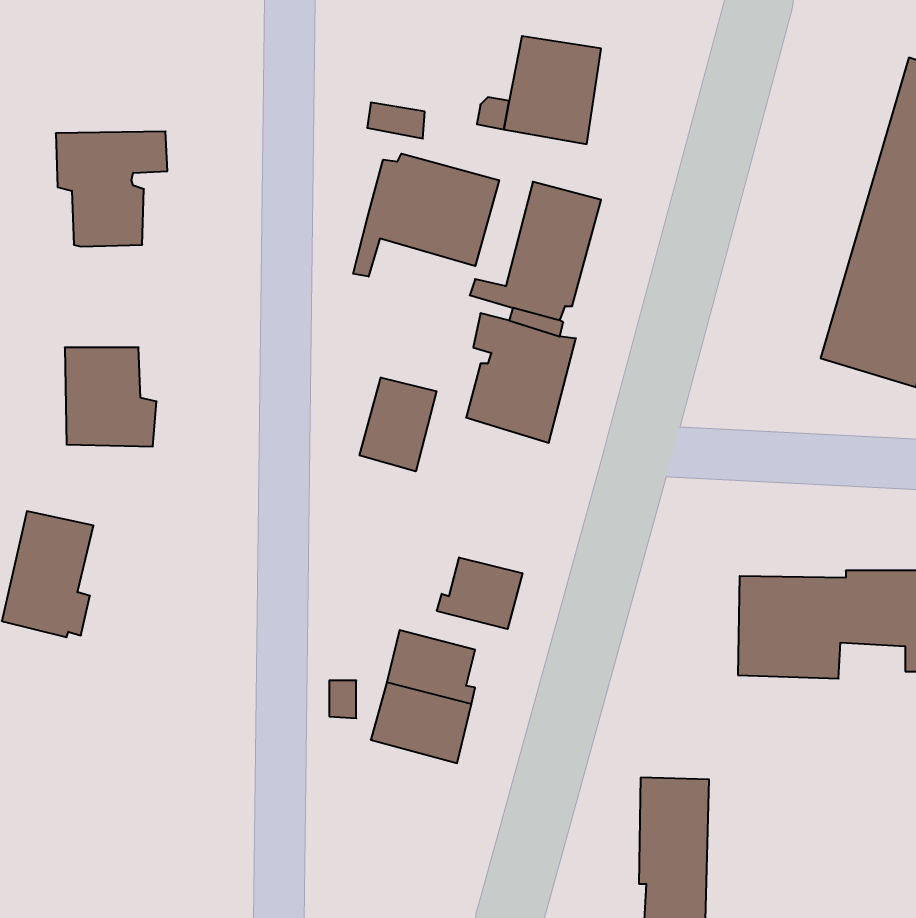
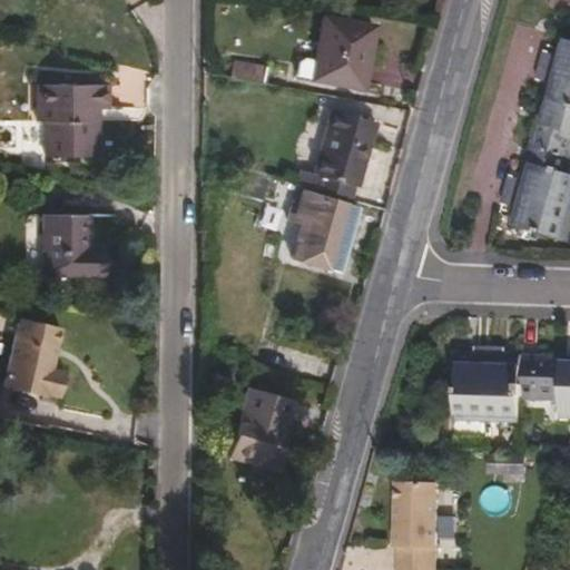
building: [353,154,499,277] -> none
building: [360,377,437,471] -> none
building: [437,557,522,629] -> none

